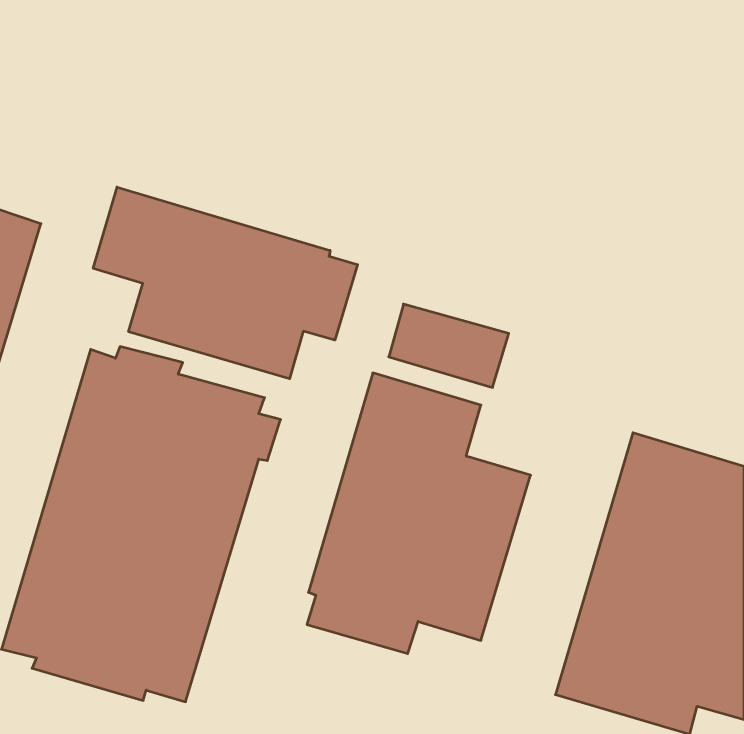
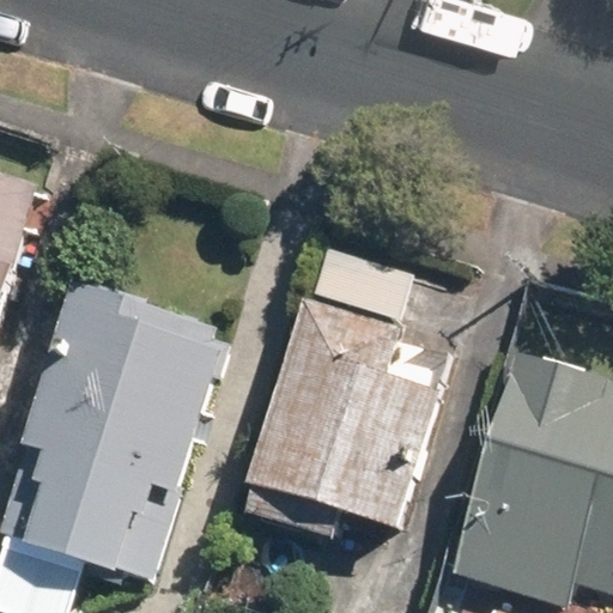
building: [93,187,358,379] -> none

